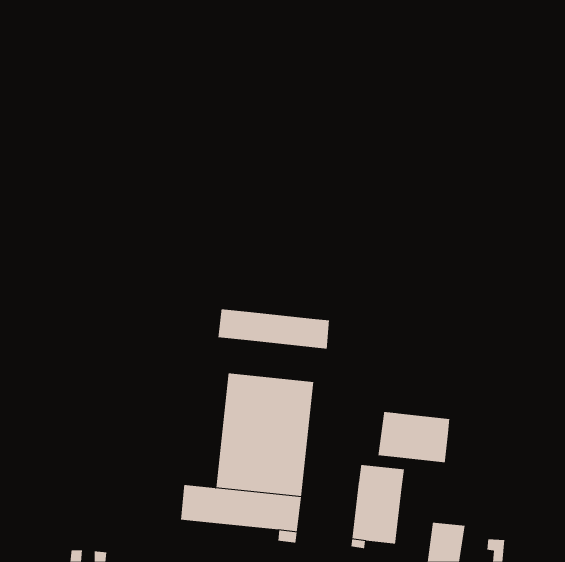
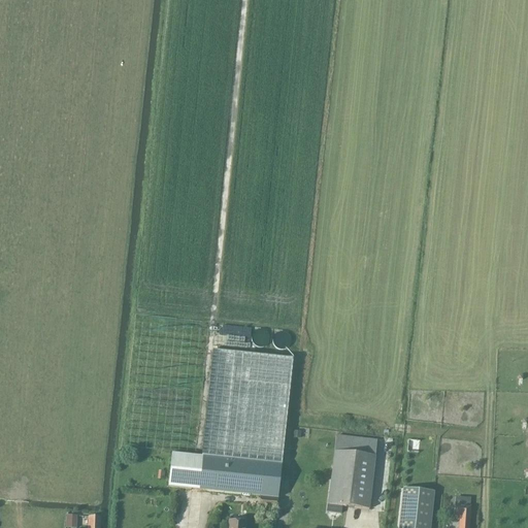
building: [218,308,330,349] -> none
building: [378,411,450,463] -> none

